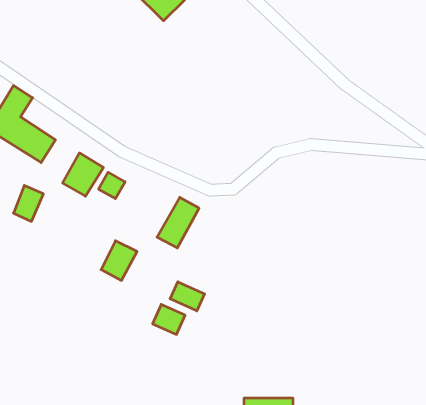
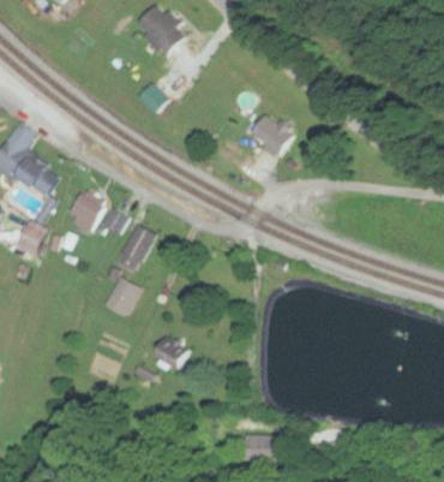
building: none -> [250,111,294,155]
building: [157,197,199,248] -> [113,222,155,273]
building: [170,282,205,311] -> none

